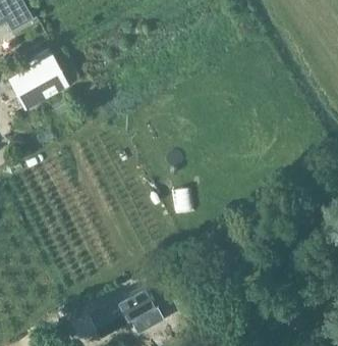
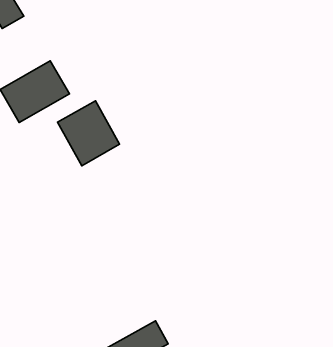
building: none -> [57,101,120,166]

